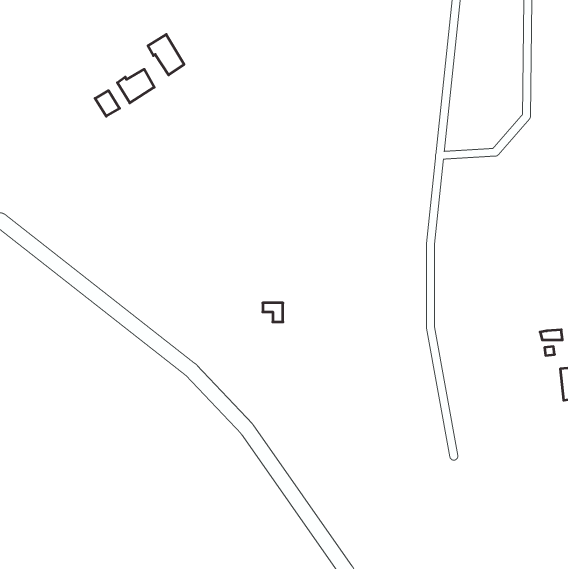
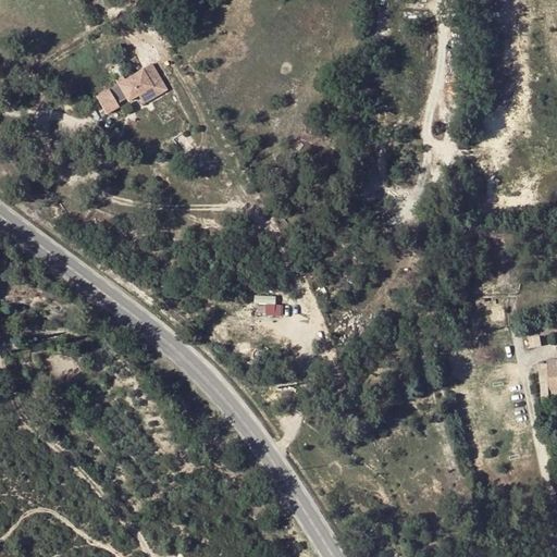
building: [148,34,184,75] -> none

